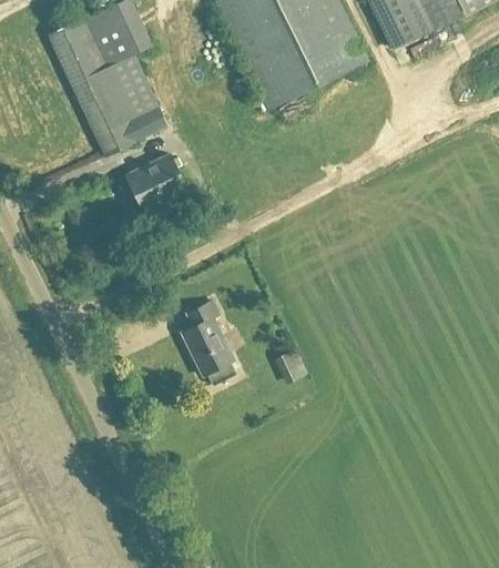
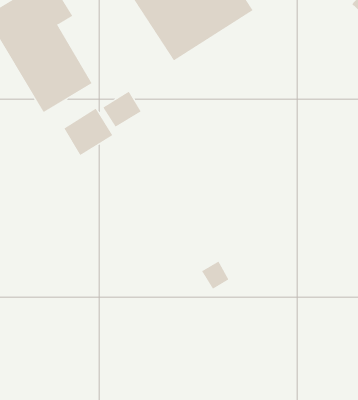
building: none -> [102,91,142,127]
building: [180,300,233,386] -> none

